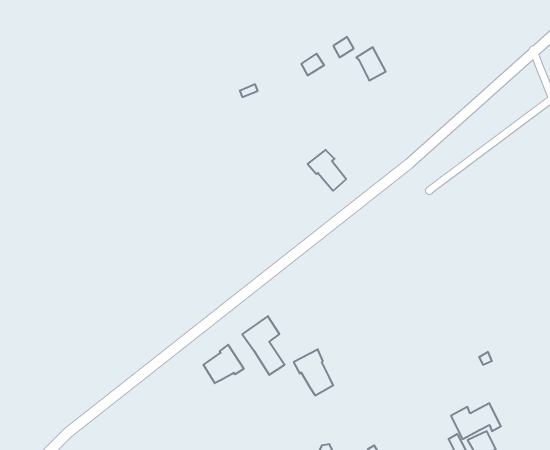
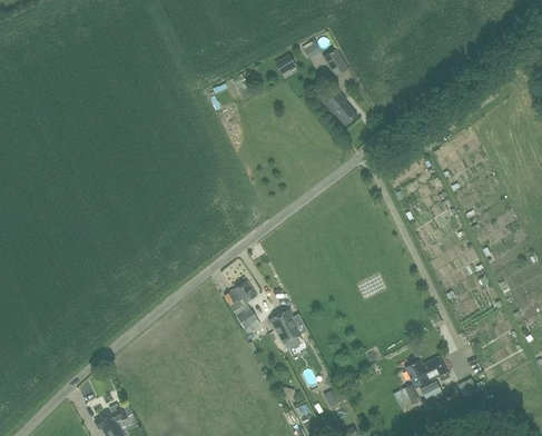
building: [308,150,346,191] -> [324,90,357,126]
building: [203,345,244,383] -> none

